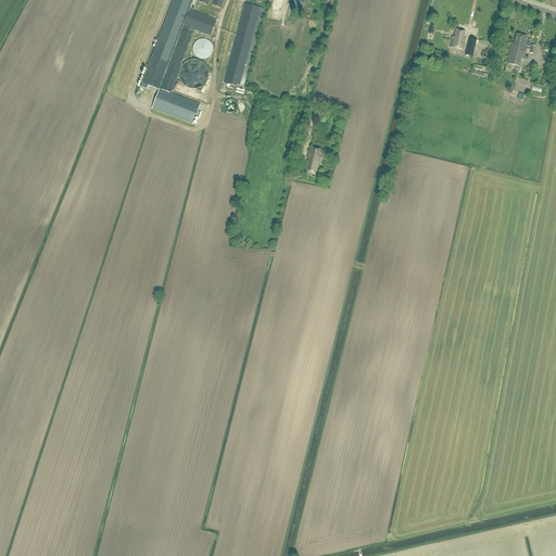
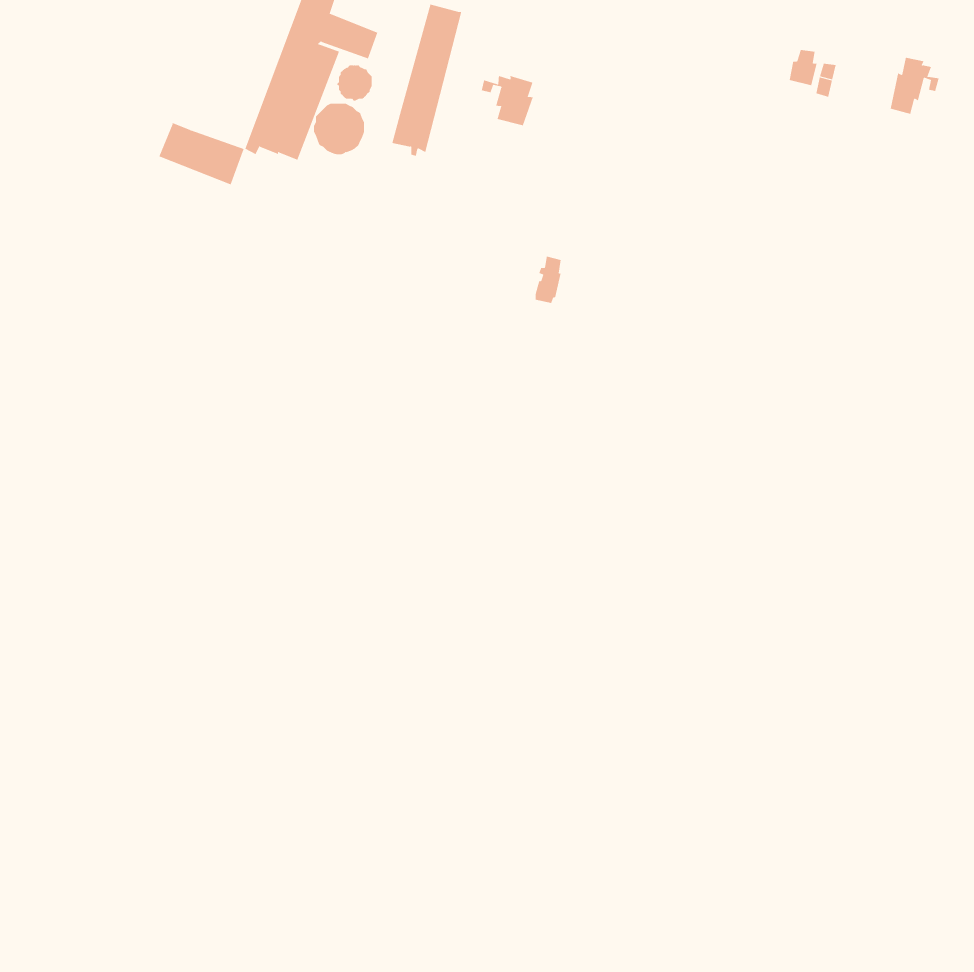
building: none -> [481,75,534,126]
building: [151,87,200,123] -> [159,122,244,185]

